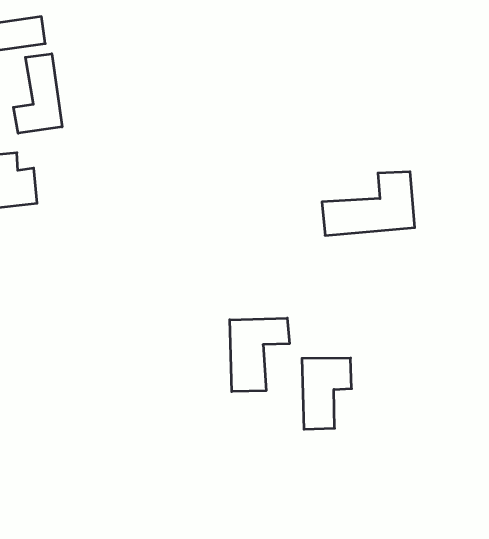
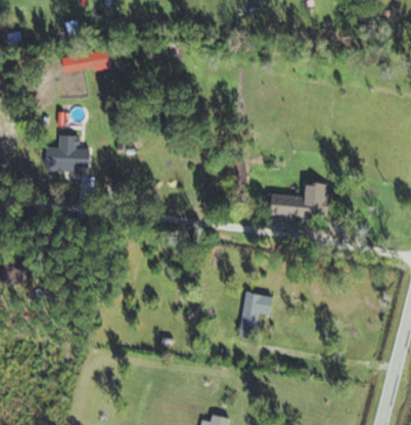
building: [13,54,62,133] -> none
building: [230,318,289,392] -> none

